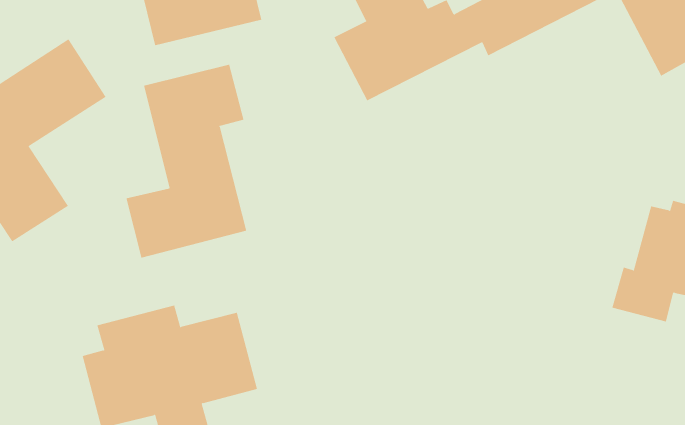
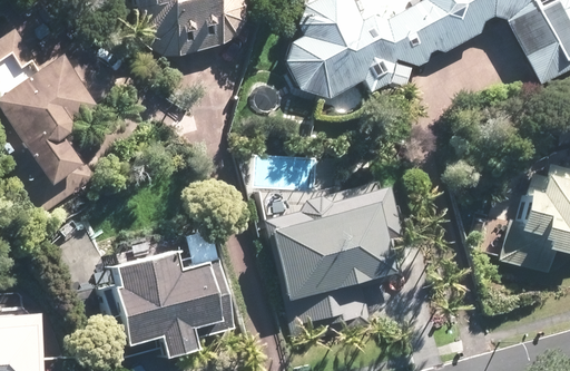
building: [126,64,247,258] -> none
building: none -> [268,189,406,332]

